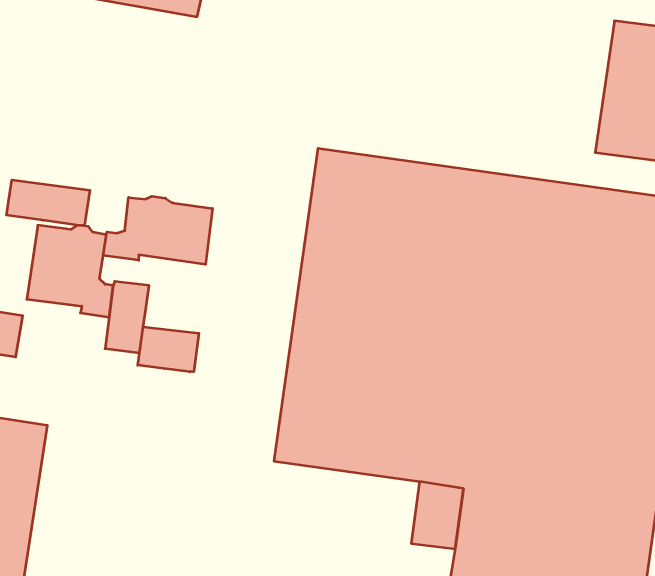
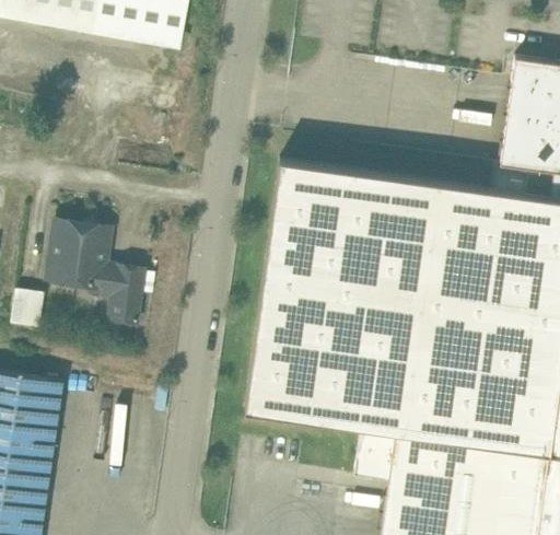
building: [7,180,90,225] -> none
building: [103,196,212,264] -> none
building: [138,327,199,372] -> none

